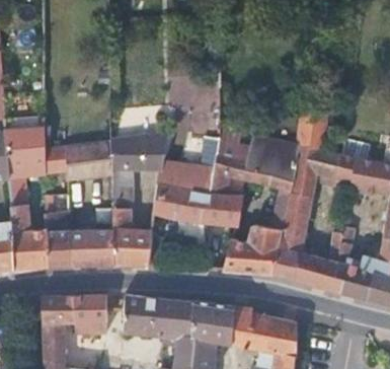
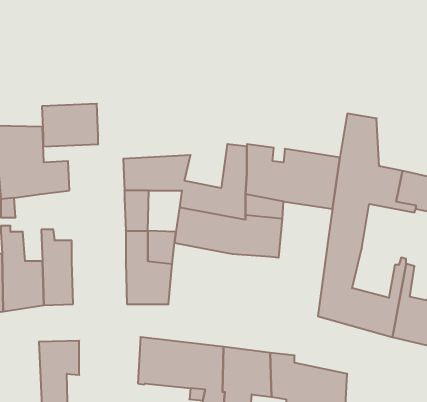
building: [66,145,112,180] -> [42,104,98,147]
building: [225,208,282,276] -> none
building: [69,225,114,266] -> none
building: [75,296,108,334] -> none

